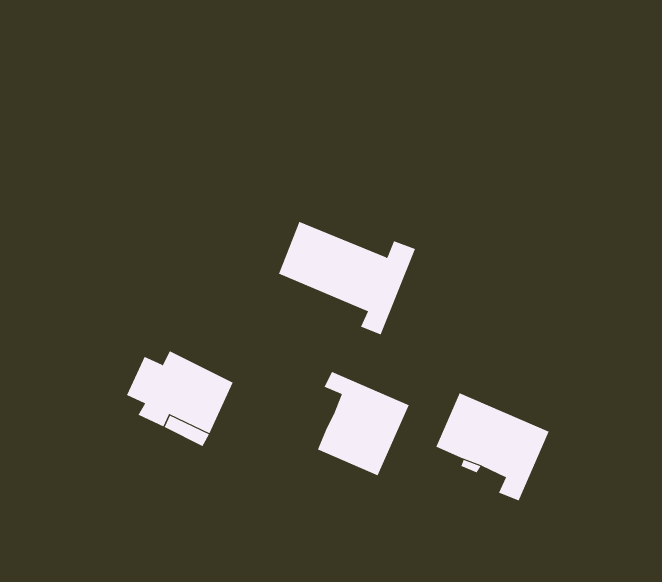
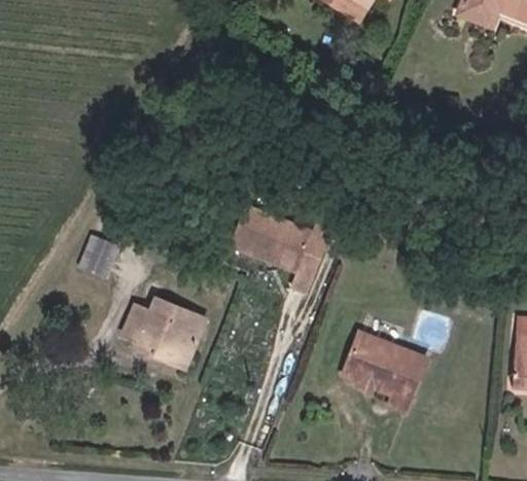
building: none -> [75,232,115,276]
building: [317,371,409,476] -> none

